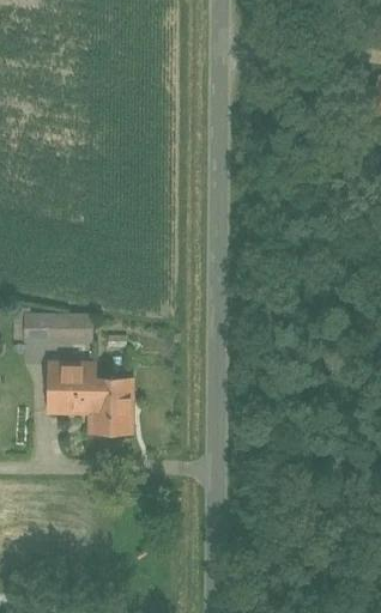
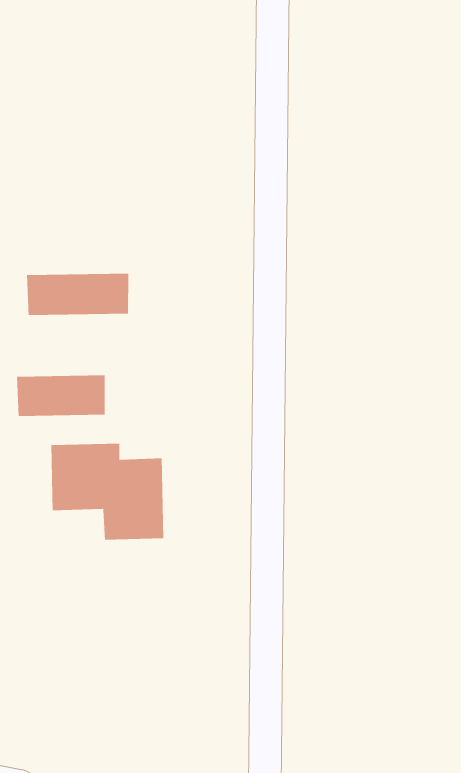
building: none -> [26,273,129,316]

